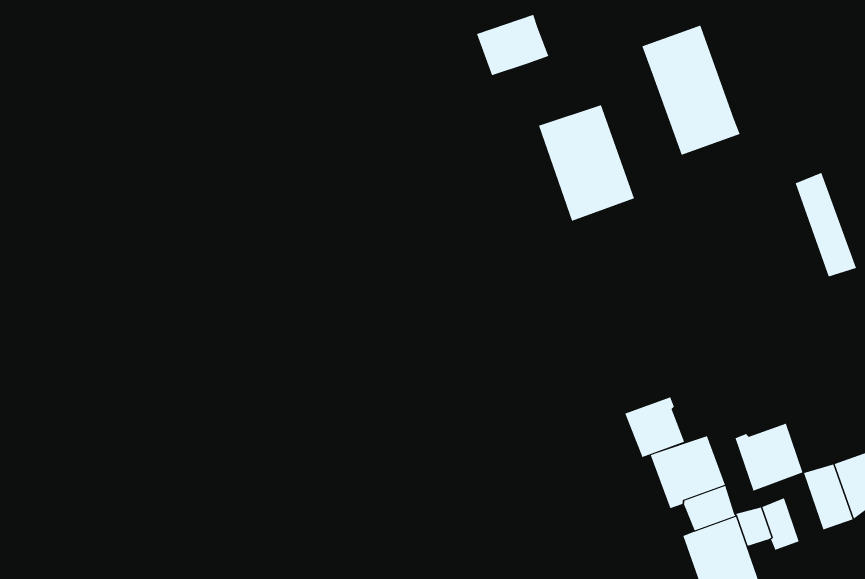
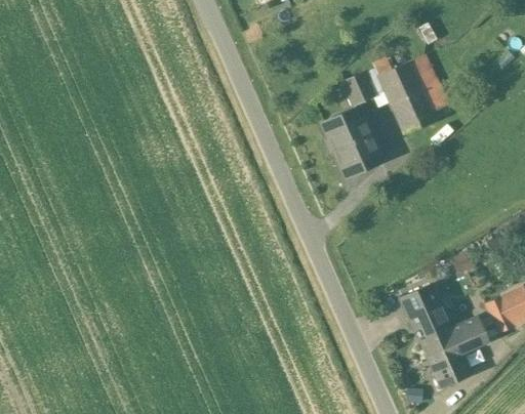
building: [476,14,549,76] -> [344,67,385,102]
building: [795,172,857,277] -> [409,52,447,110]
building: [625,396,685,458] -> none
building: [735,423,803,491] -> none

